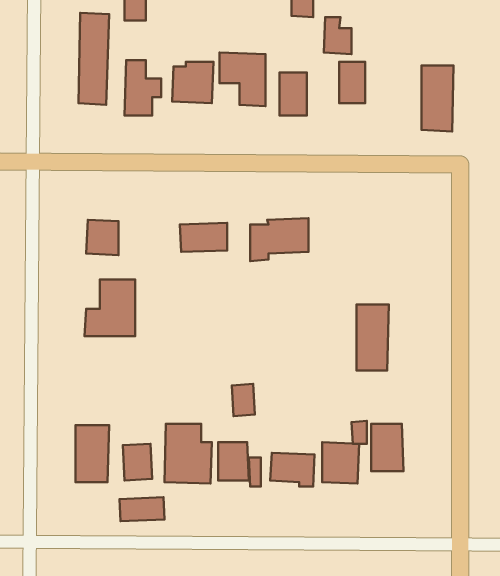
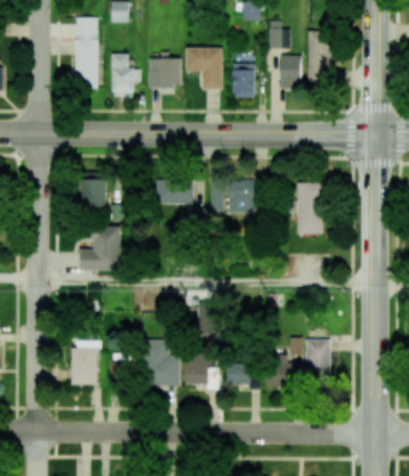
building: [421,65,454,131] -> [308,31,333,83]
building: [357,305,389,371] -> [297,183,322,235]
building: [120,497,165,521] -> none

